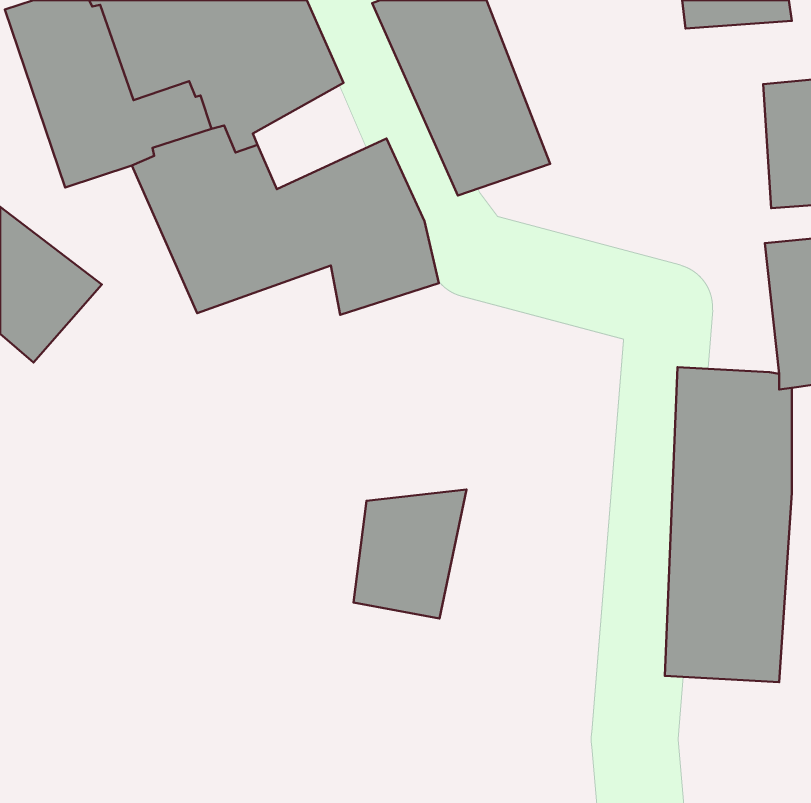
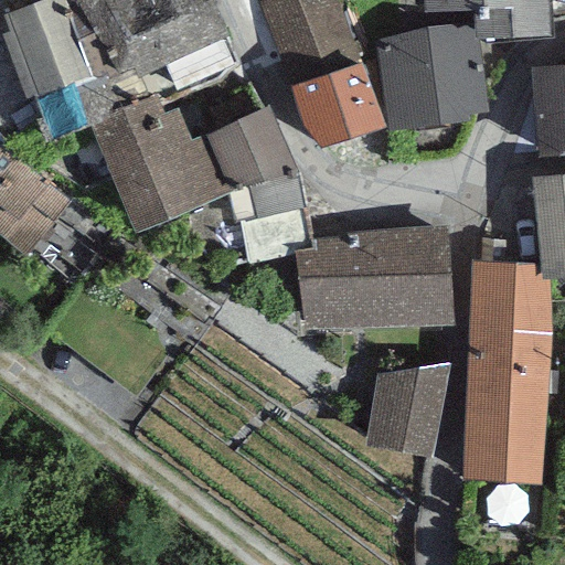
building: none -> [374,28,488,128]
building: none -> [296,227,452,333]
building: [354,490,467,618] -> [370,367,448,457]

